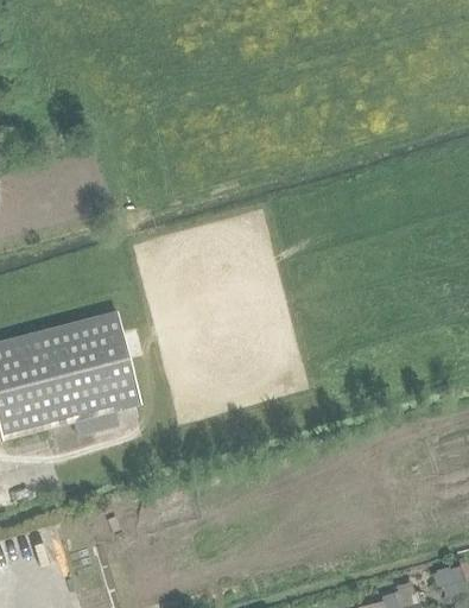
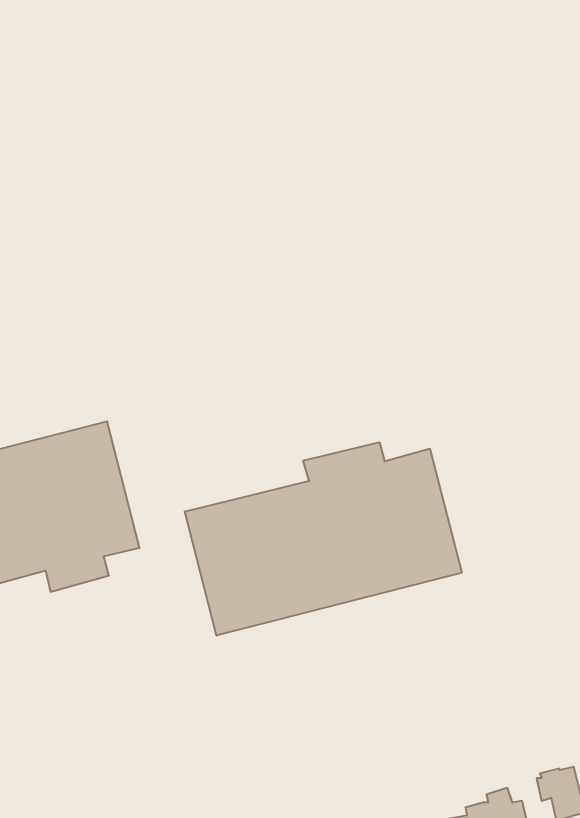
building: none -> [185,442,462,636]

